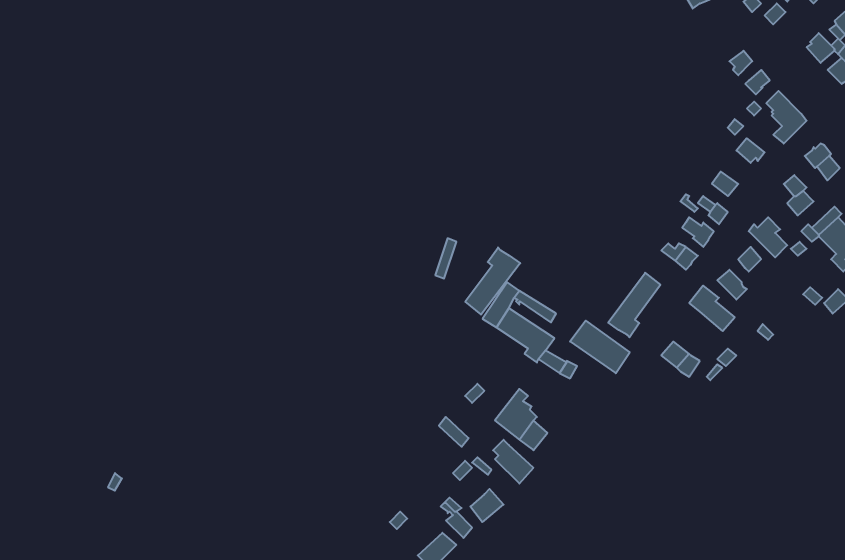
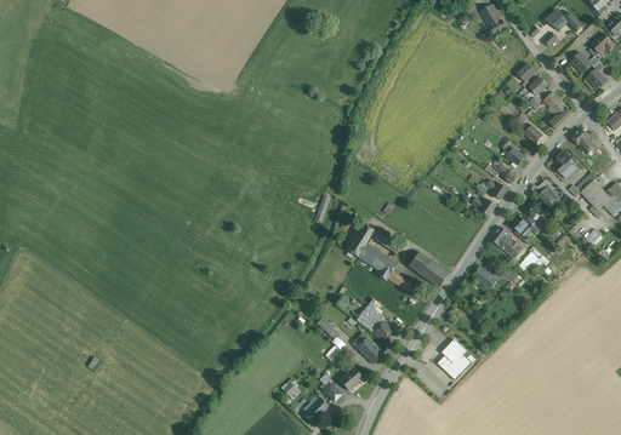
building: [465,247,520,315] -> none
building: [608,273,660,337] -> none
building: none -> [438,338,473,380]

